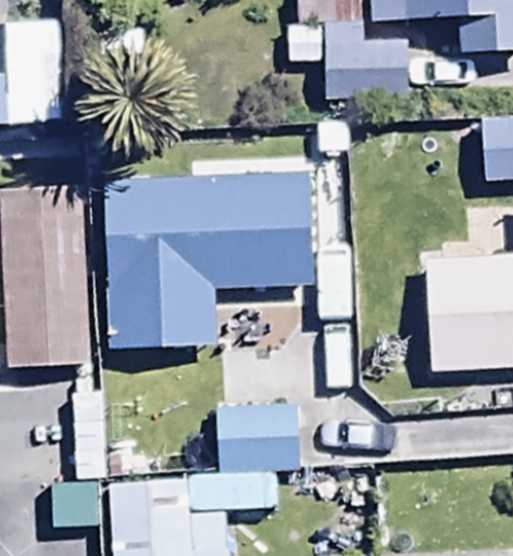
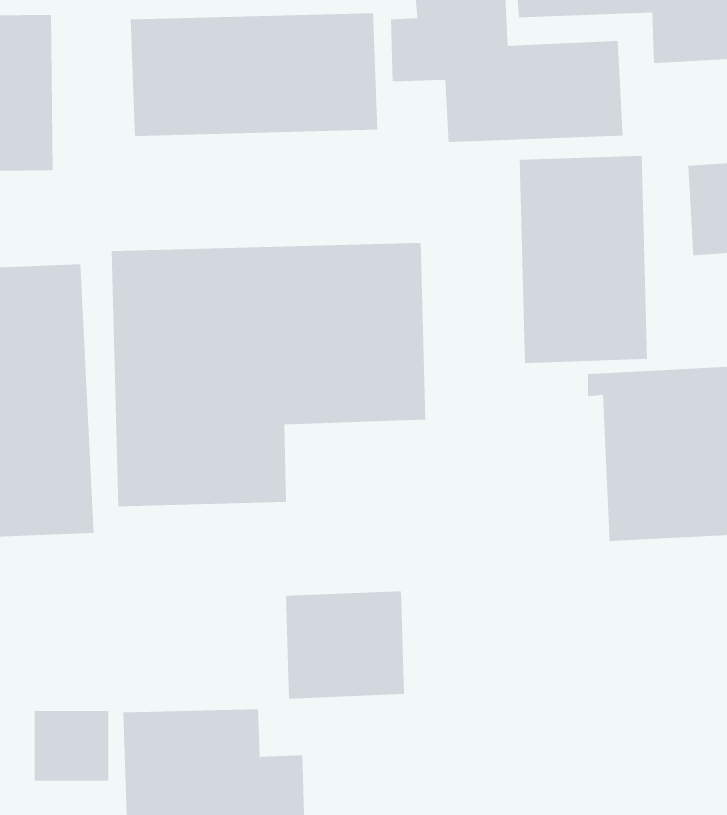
building: none -> [130,13,378,137]
building: none -> [519,155,648,364]

